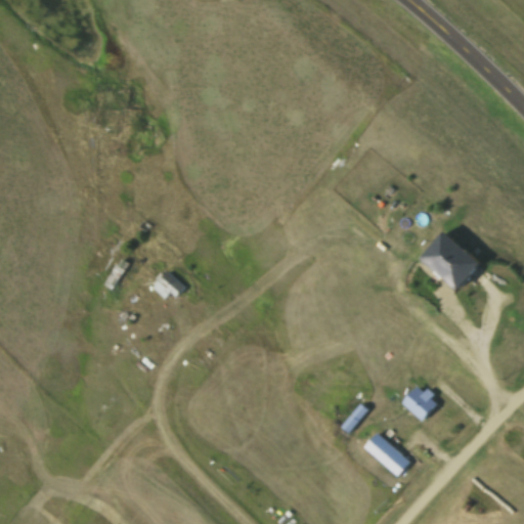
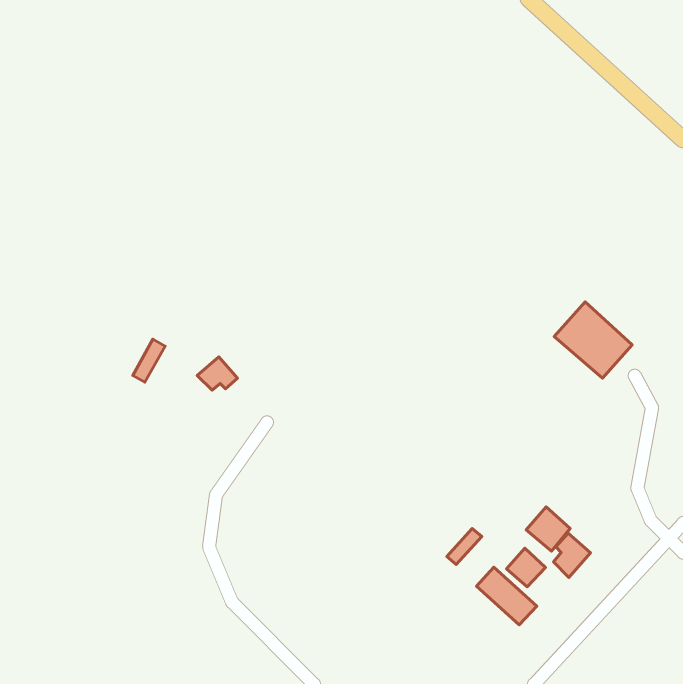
building: none -> [553,533,590,577]
building: none -> [506,548,546,587]

